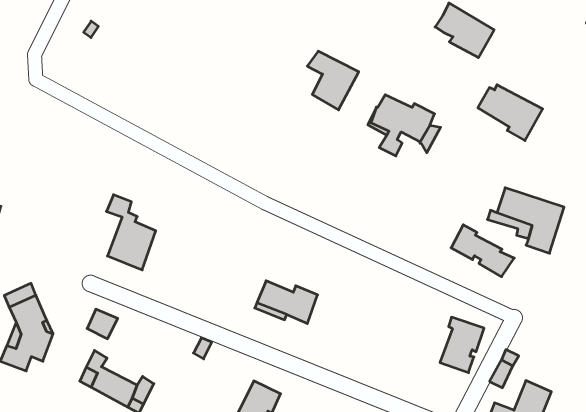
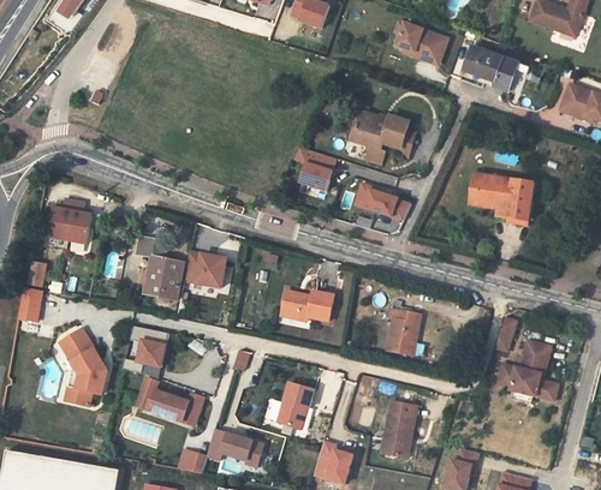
building: [307,51,359,110] -> [292,147,338,195]
building: [478,85,543,141] -> [463,48,519,92]
building: none -> [47,198,91,243]
building: none -> [183,251,226,287]
building: [451,225,514,277] -> [353,181,410,221]
building: [440,317,484,373] -> [386,309,419,354]

